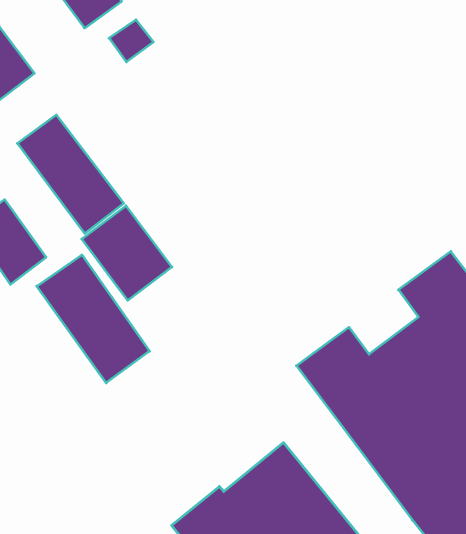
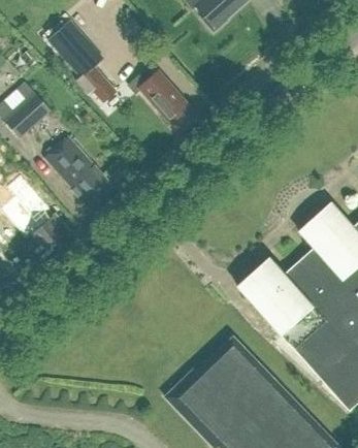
building: none -> [139,68,199,131]
building: [82,206,172,300] -> none
building: [37,255,150,383] -> none

